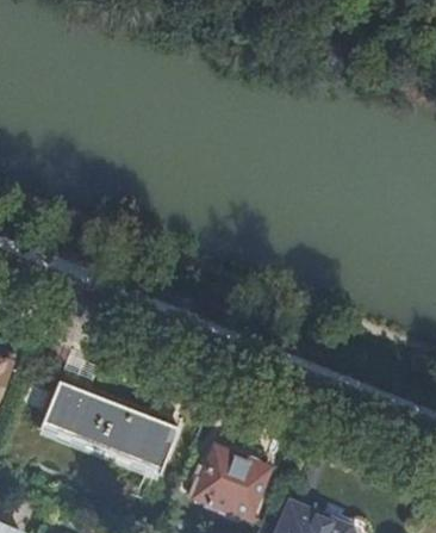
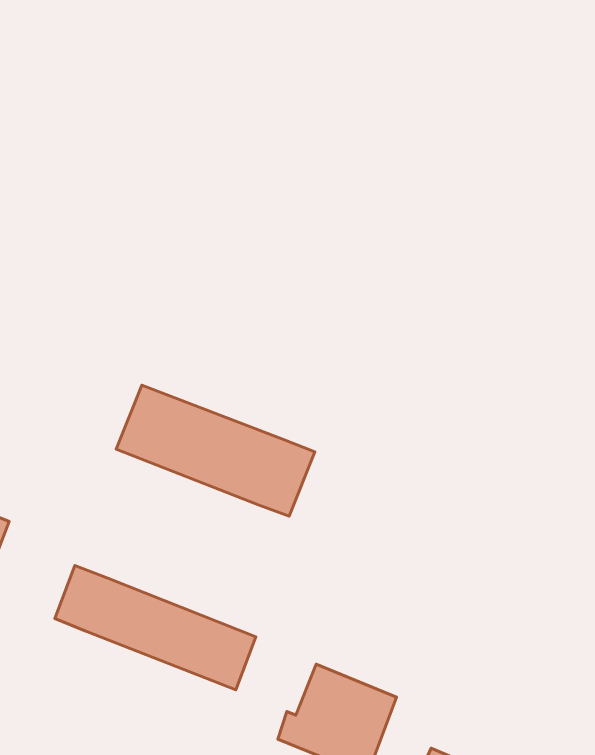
building: none -> [116,385,315,516]

